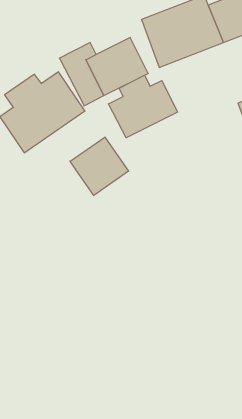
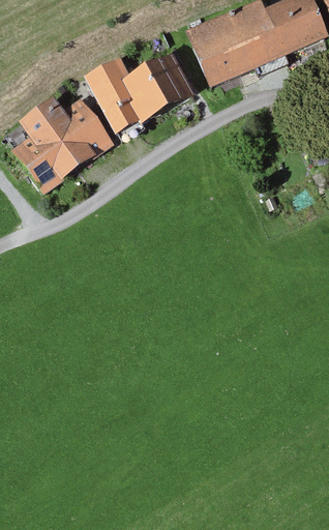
building: [109,75,177,138] -> none
building: [70,137,129,195] -> none

